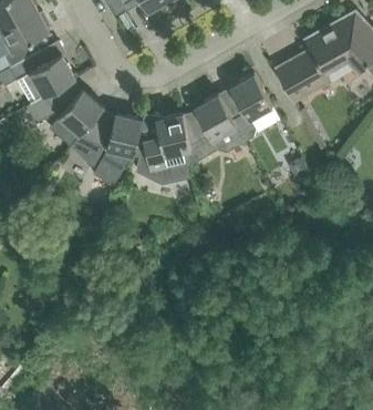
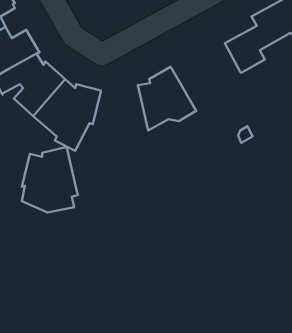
building: [219,74,271,142] -> none
building: [133,113,194,184] -> [22,147,78,212]

